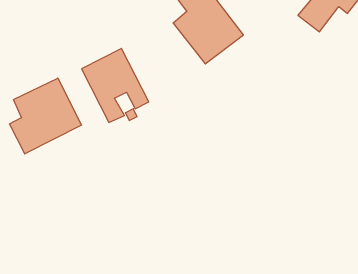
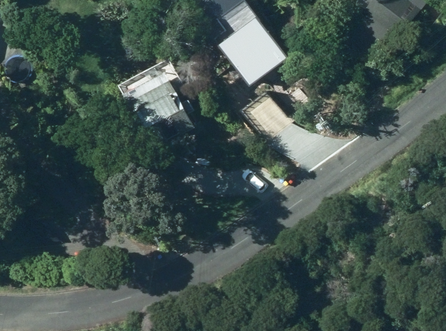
building: [9,78,81,154] -> none

